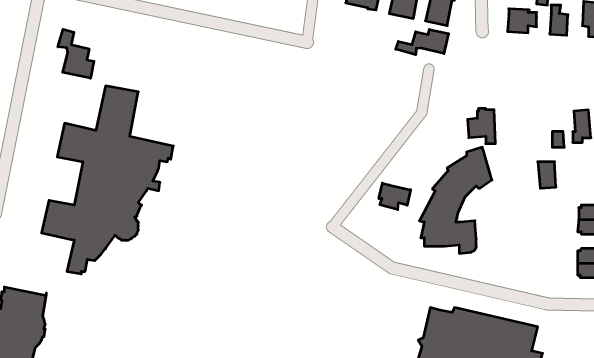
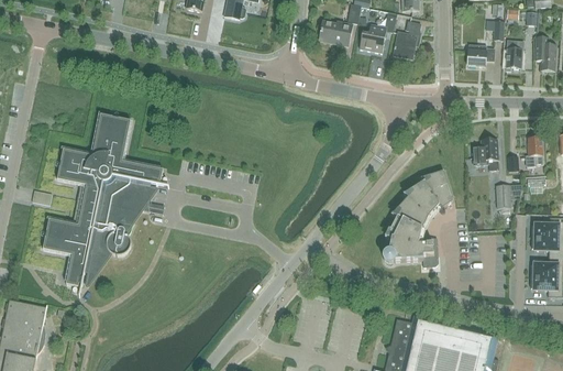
building: [58,29,94,78] -> none
building: [396,29,449,55] -> none
building: [468,109,495,144] -> [472,138,497,170]
building: [379,183,411,210] -> none

